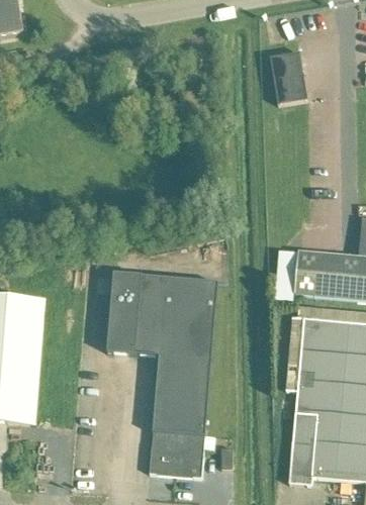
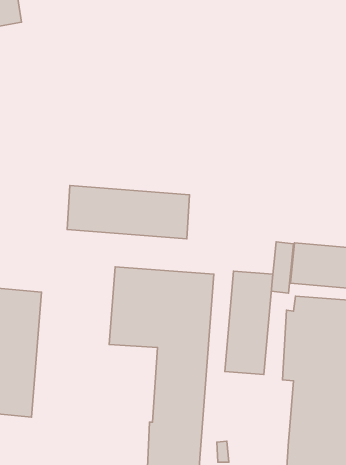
building: [270,48,308,101] -> none
building: none -> [67,186,190,239]
building: none -> [225,271,273,375]

